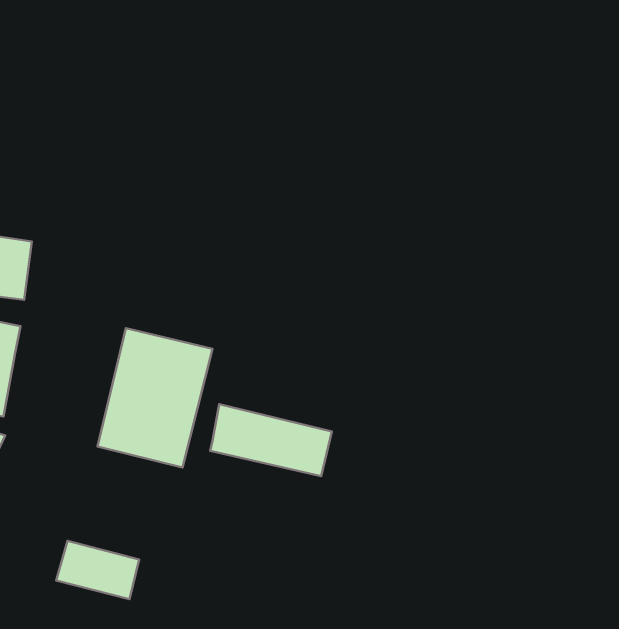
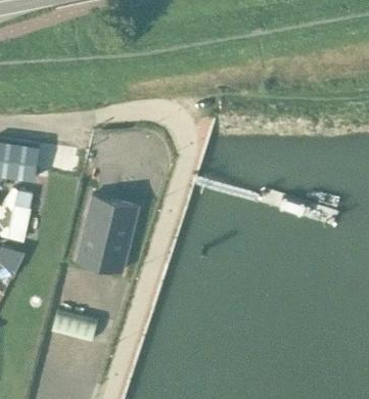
building: [210,404,332,476] -> none

